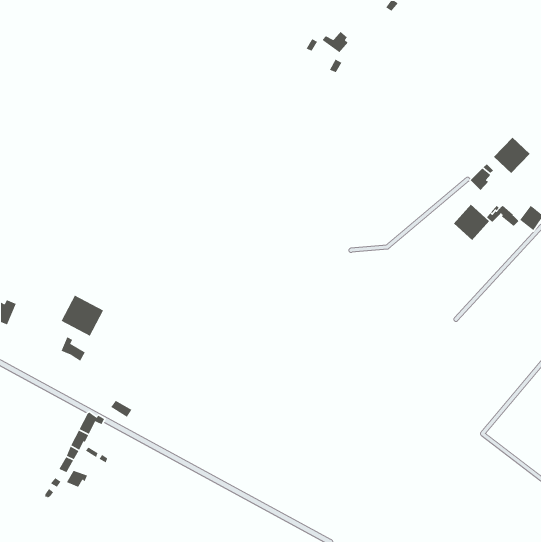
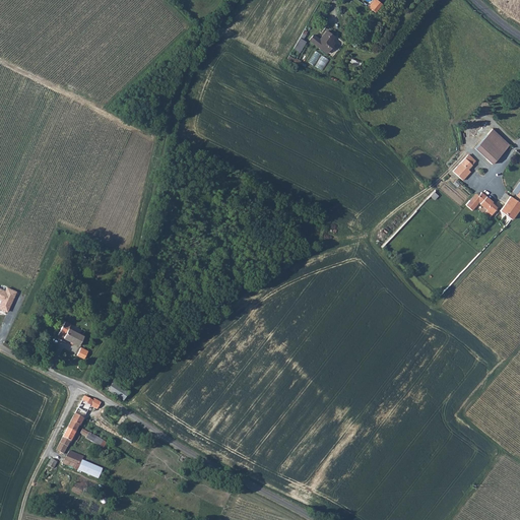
building: [453,204,490,241] -> none
building: [60,295,104,337] -> none

